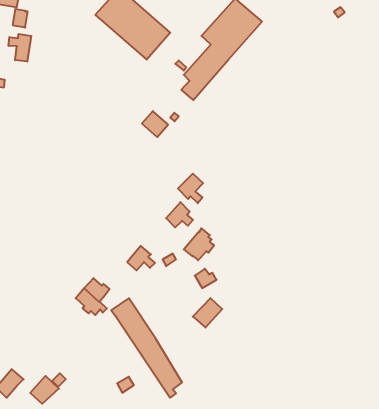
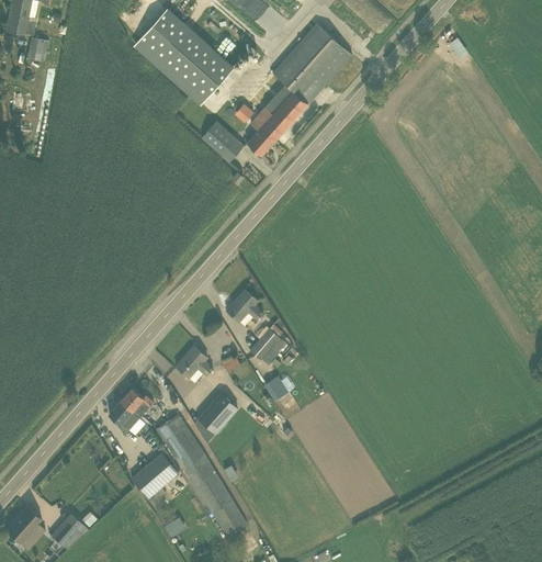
building: [9,34,31,62] -> none
building: [142,111,168,137] -> [202,121,236,155]
building: [178,174,203,203] -> none
building: [193,298,222,328] -> [199,394,237,432]
building: none -> [132,452,179,508]

